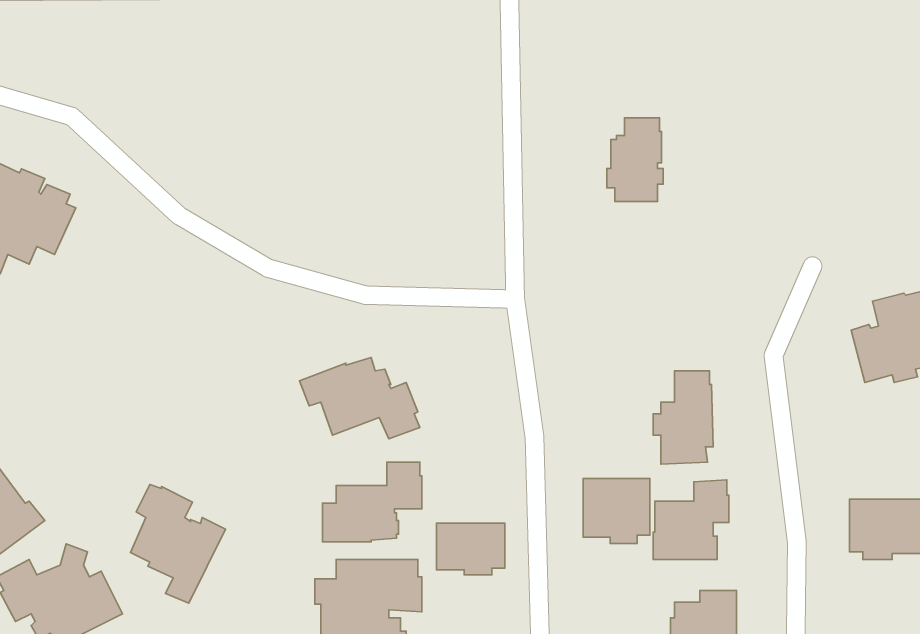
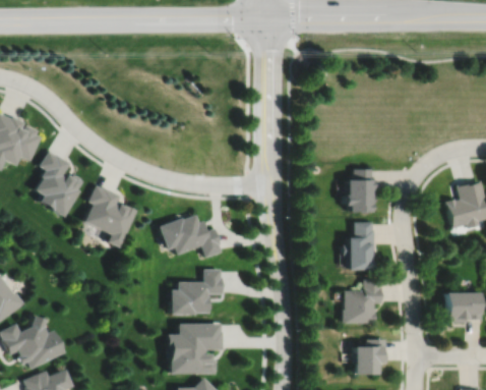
building: [607,118,663,202] -> [345,170,374,214]
building: none -> [37,152,83,218]
building: [583,479,650,543] -> none
building: [130,485,226,603] -> [85,187,135,249]
building: [437,523,505,575] -> none

